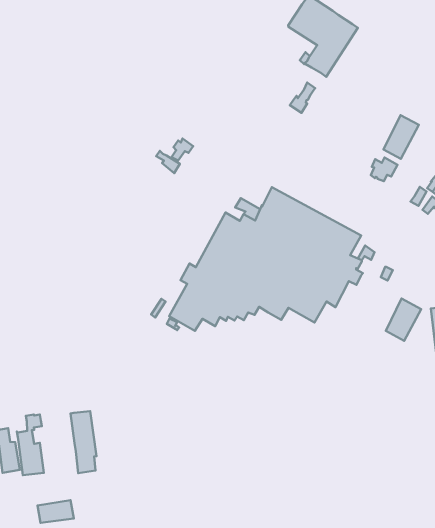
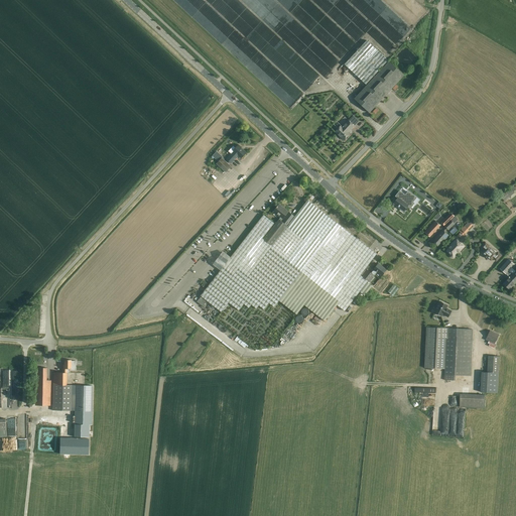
building: [384,115,419,159] -> none
building: [386,299,421,341] -> none
building: [71,411,97,473] -> [74,385,93,437]

